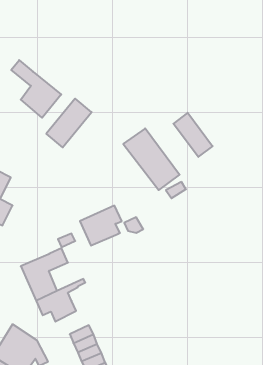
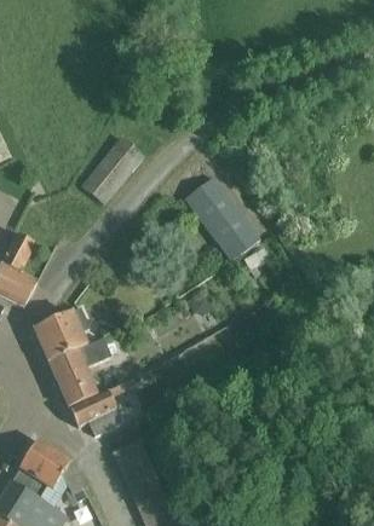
building: [11,60,61,118] -> none
building: [173,113,213,157] -> none
building: [80,206,122,246] -> [34,307,90,360]

